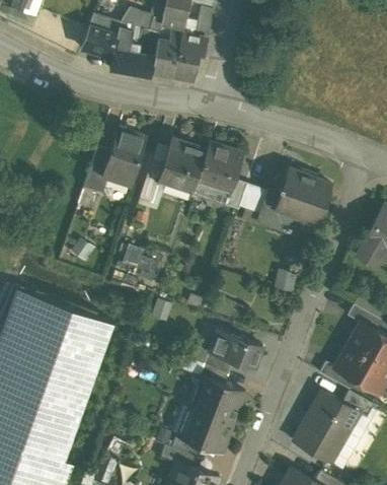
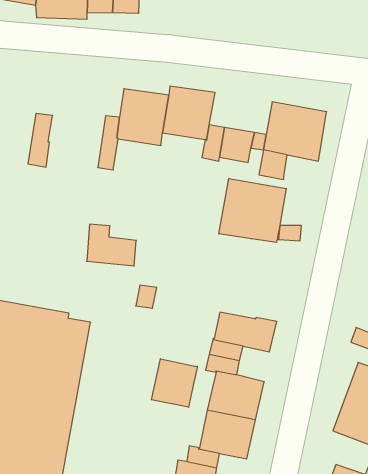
building: [102,130,146,182] -> none
building: none -> [219,179,286,242]
building: none -> [151,359,198,407]

